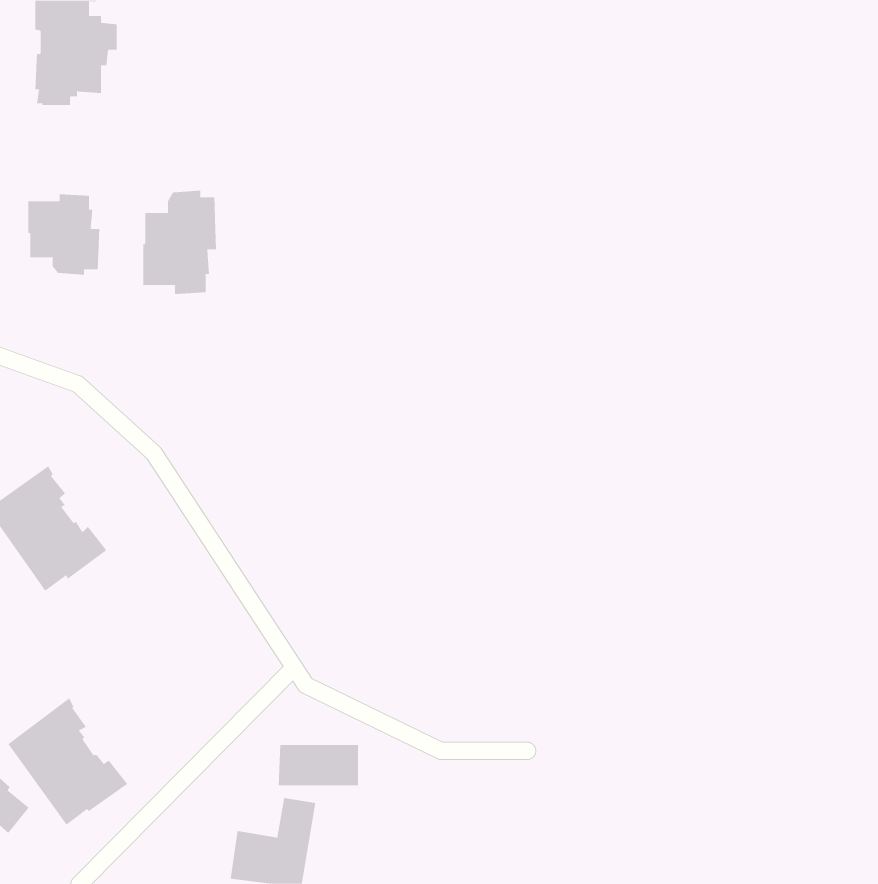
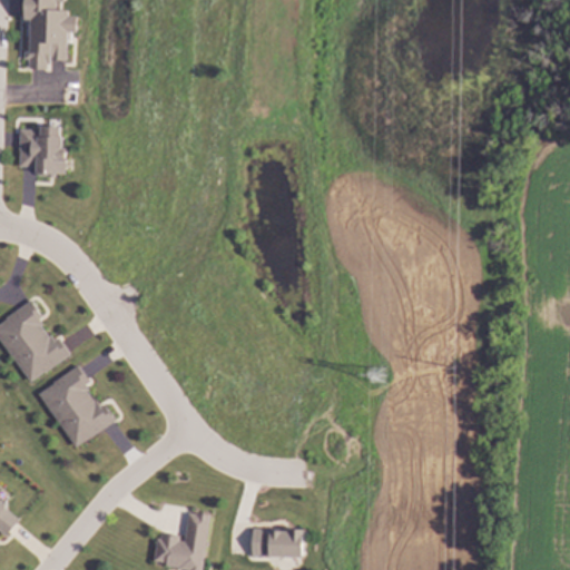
building: [143,190,217,295] -> none
building: [7,697,128,826] -> [38,364,116,446]
building: [278,744,359,786] -> [245,530,297,557]

